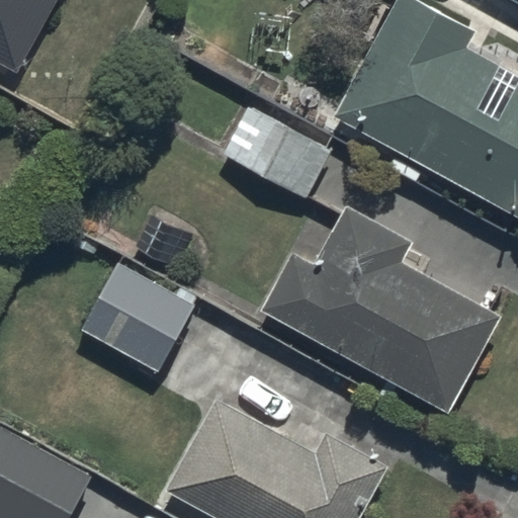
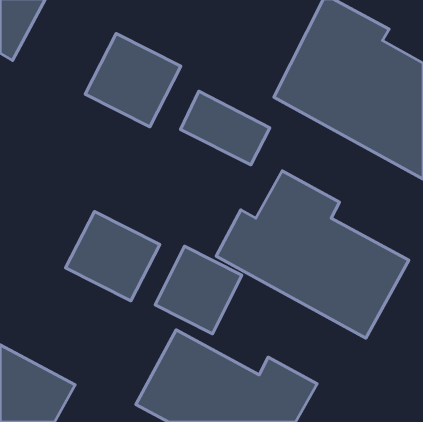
building: none -> [85,33,181,127]
building: none -> [155,246,242,334]

